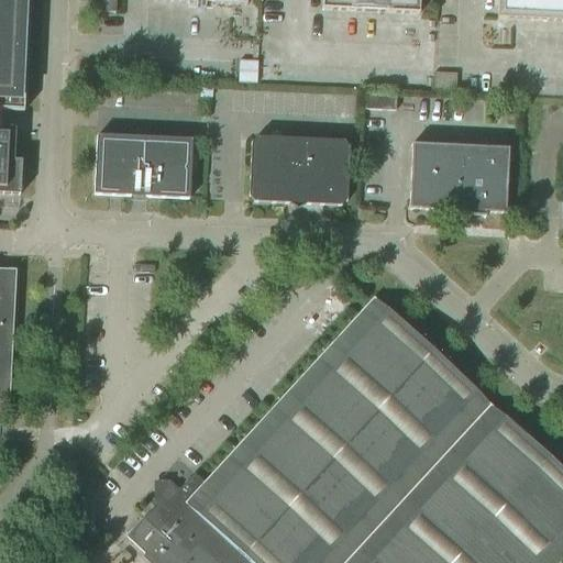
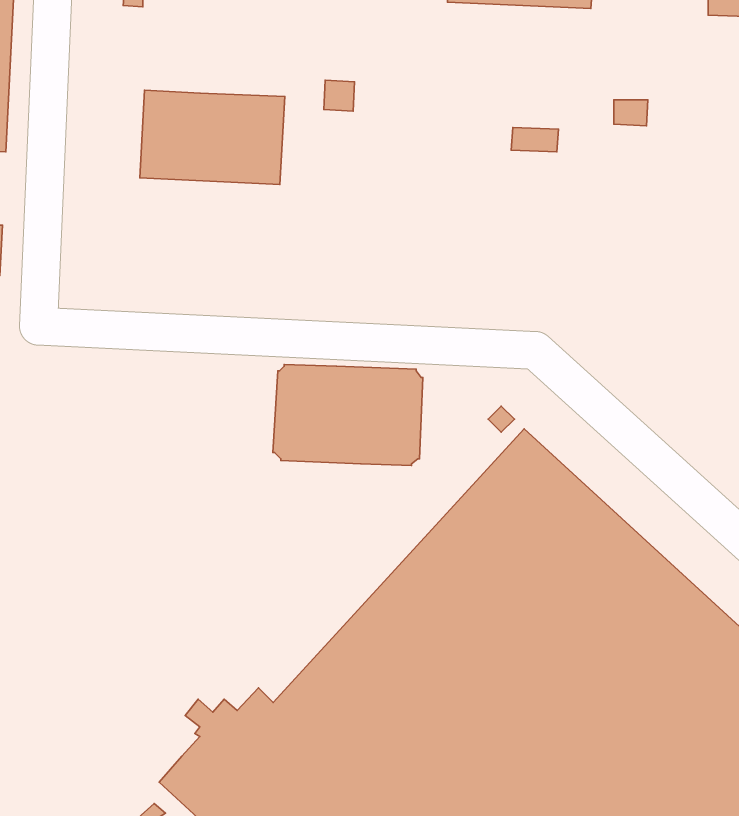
building: [95,134,192,198] -> [140,90,285,184]
building: [249,136,350,205] -> [273,364,423,465]
building: [409,142,509,216] -> none

